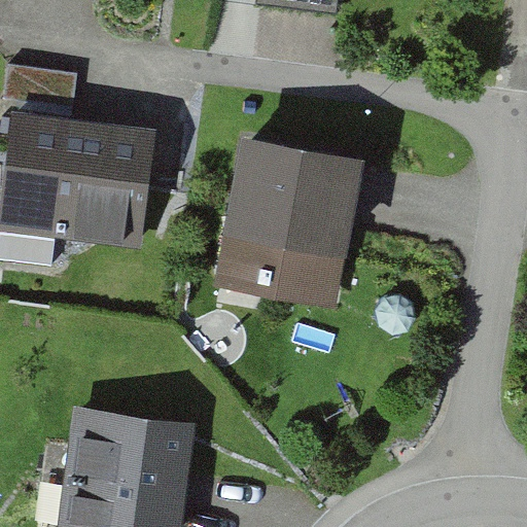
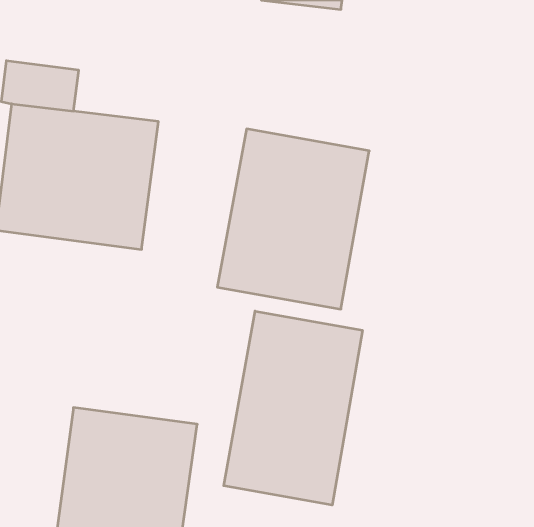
building: none -> [224,311,362,505]

